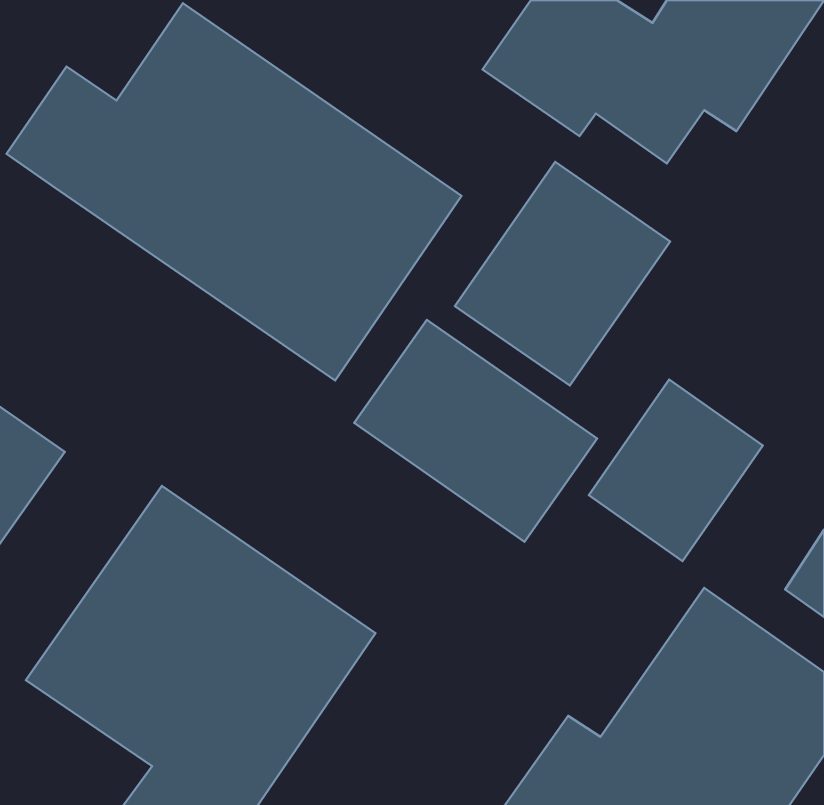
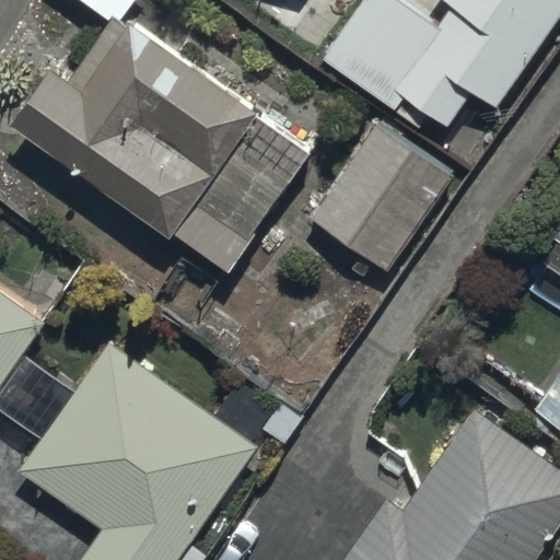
building: [354,320,597,542] -> none
building: [589,380,763,561] -> none

